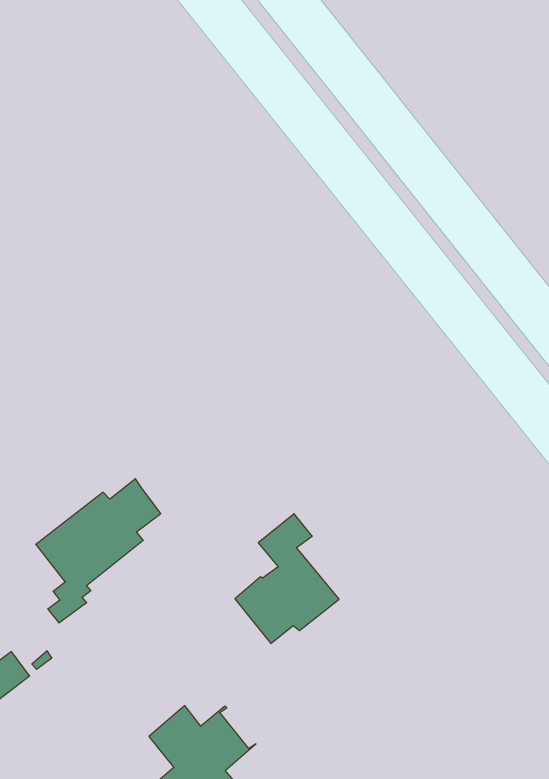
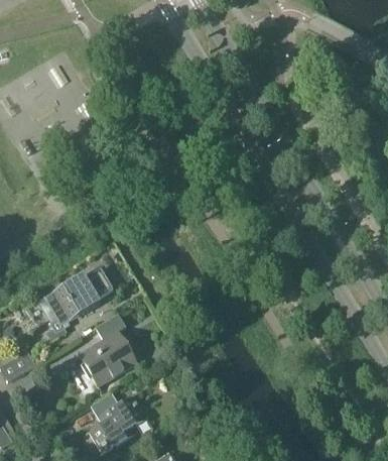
building: [235,514,339,644] -> [81,313,136,380]

